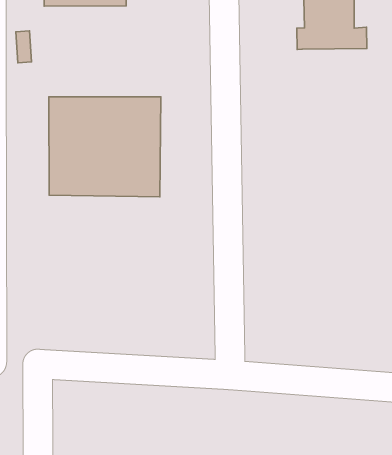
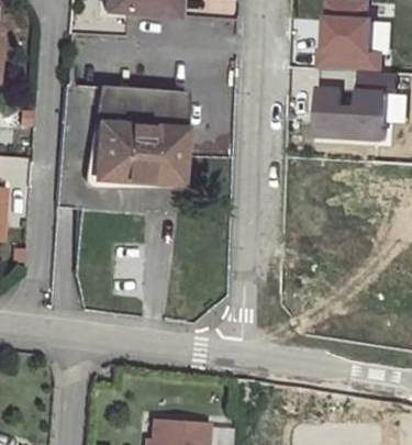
building: none -> [318,69,397,141]

